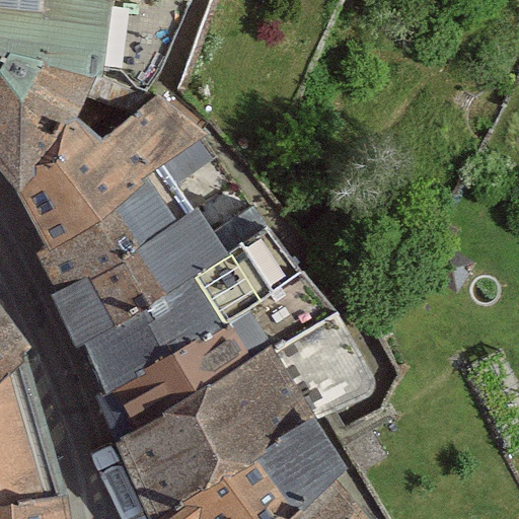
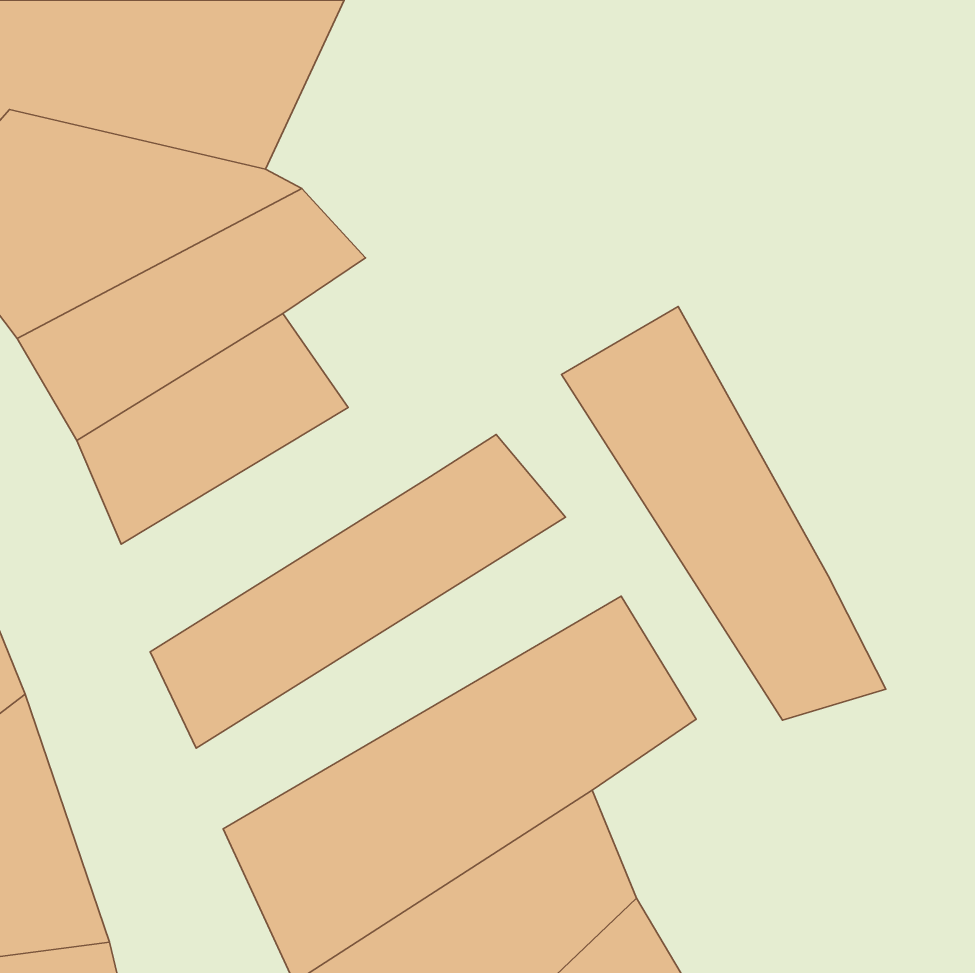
building: none -> [562,306,886,720]
building: [64,215,225,349] -> none
building: [103,278,327,442] -> none

